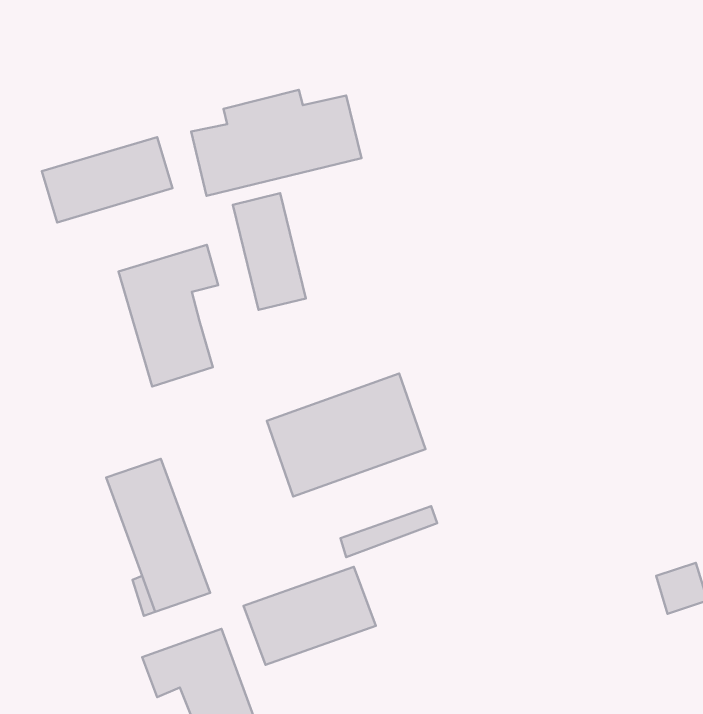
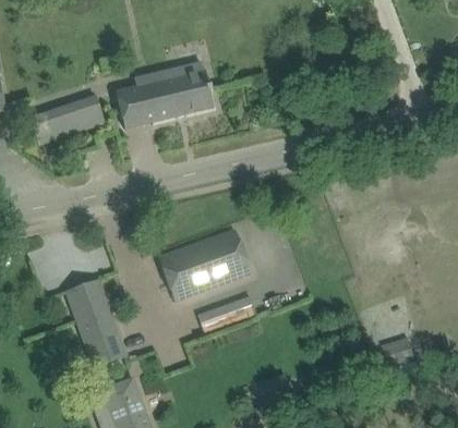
building: [233,193,306,310] -> none
building: [118,245,218,386] -> none
building: [244,567,376,665] -> none

